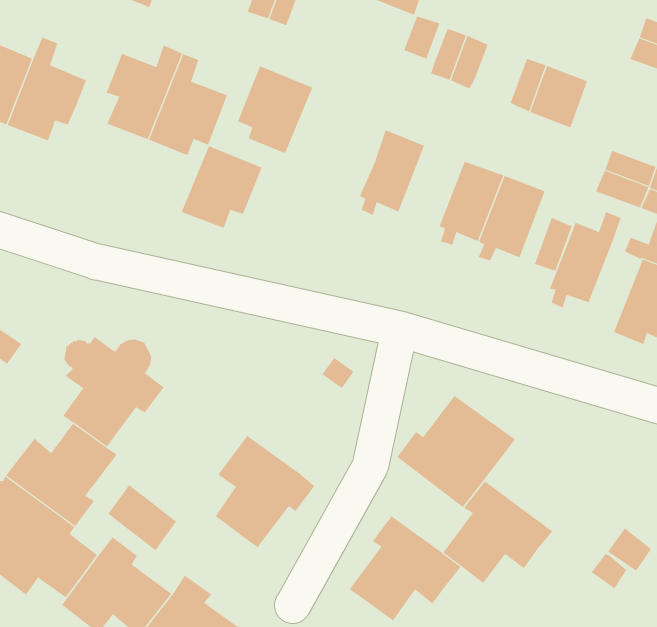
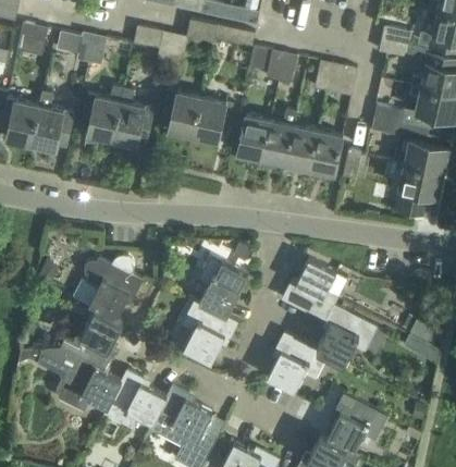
building: [181,146,262,228] -> [192,97,234,143]
building: [549,212,622,308] -> [261,111,296,170]
building: none -> [197,256,254,317]
building: [108,484,177,551] -> none

